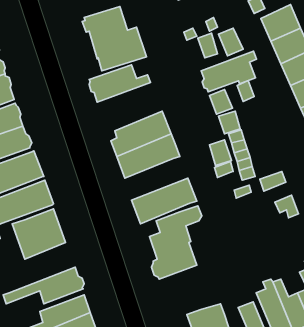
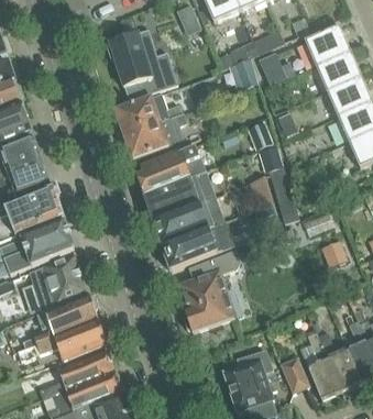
building: [201,51,256,92] -> [123,113,185,158]
building: none -> [153,196,223,244]
building: none -> [22,295,98,348]

